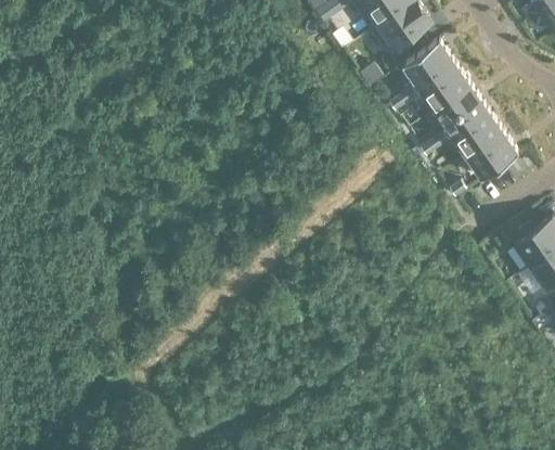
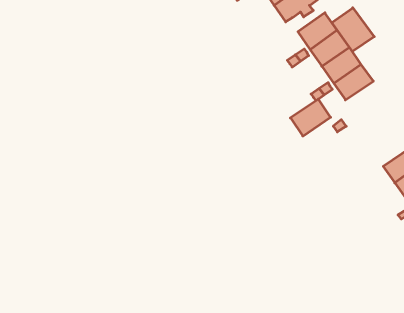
building: none -> [332,8,374,51]
building: [466,131,519,180] -> [290,99,331,136]

